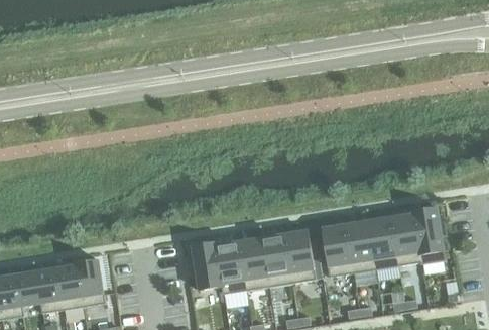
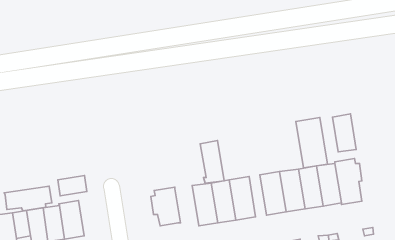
building: none -> [333,114,356,152]
building: none -> [296,118,327,168]
building: none -> [58,176,87,196]
building: [217,240,246,293] -> [200,140,224,183]
building: none -> [4,186,52,211]

